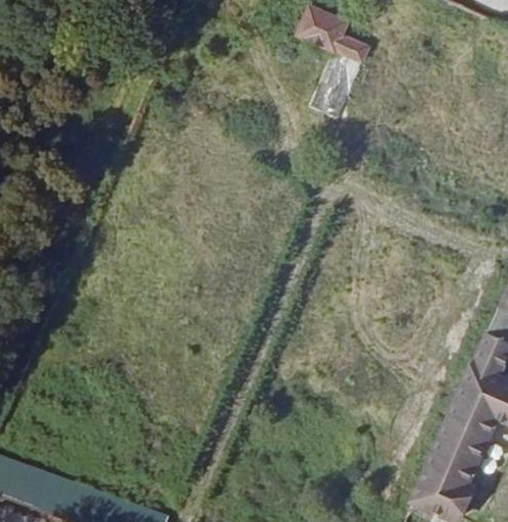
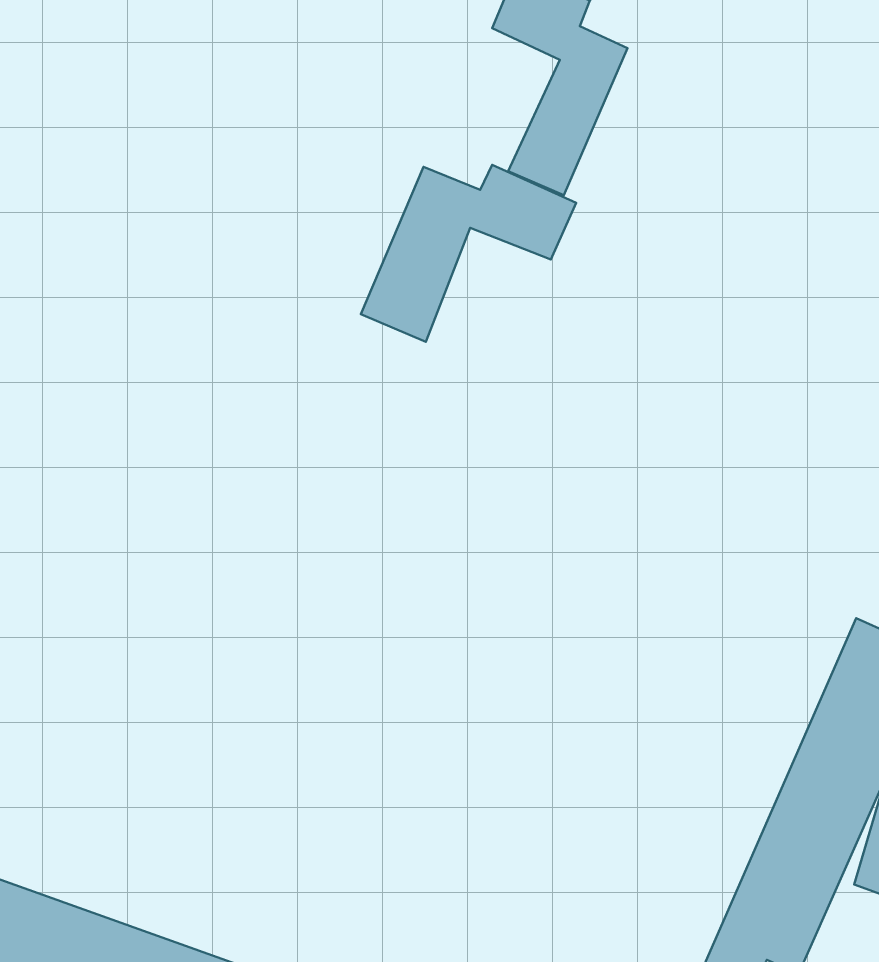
building: none -> [361,165,576,342]

